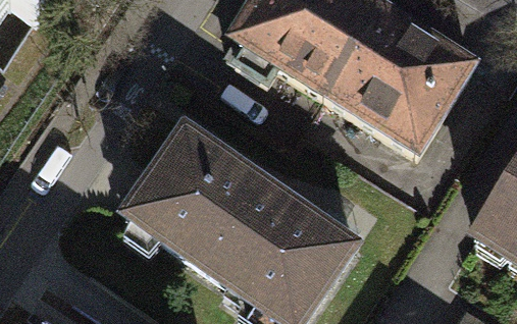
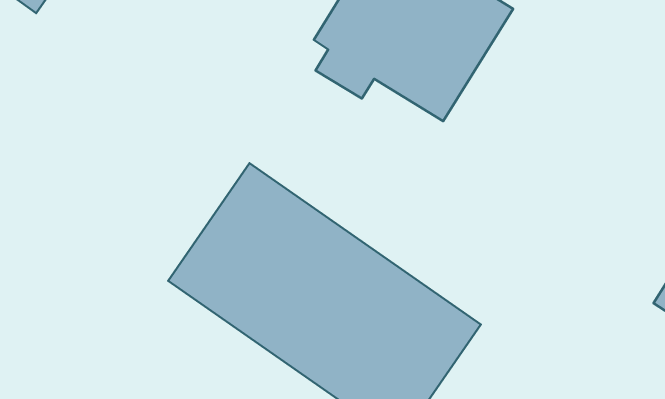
building: [323,14,470,153] -> none

